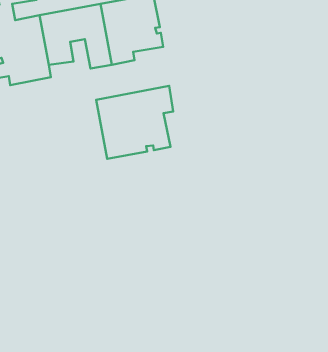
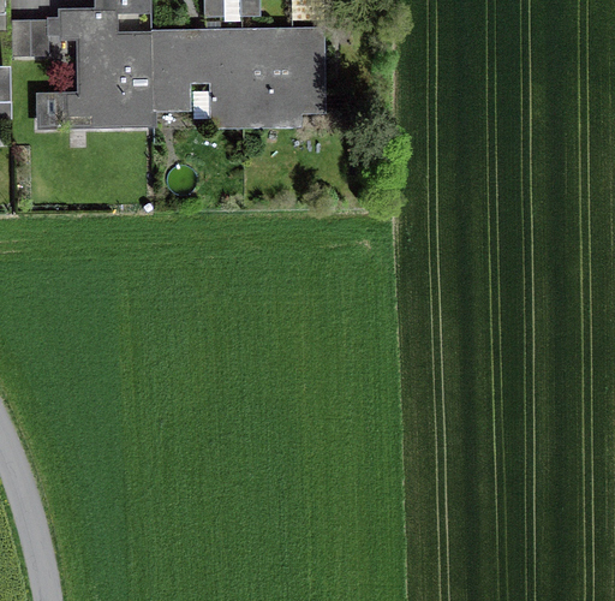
building: [96,86,173,159] -> none

